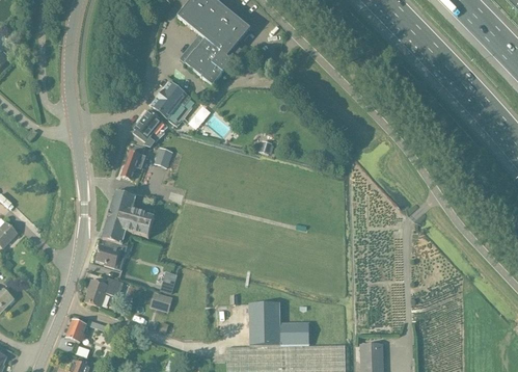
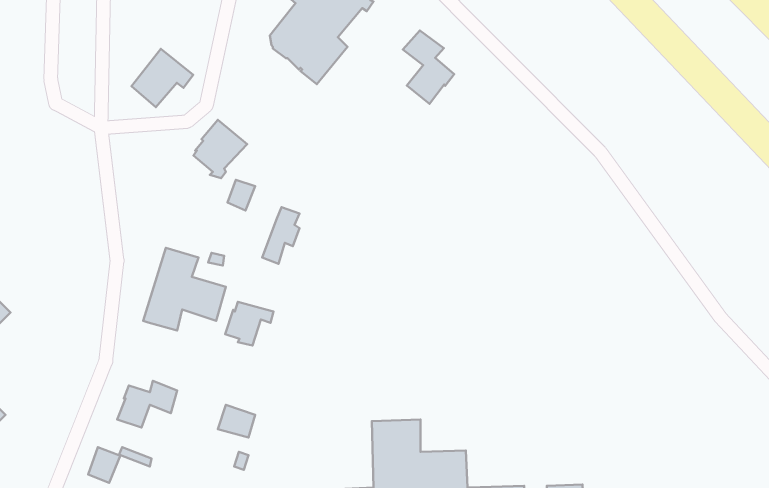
building: none -> [403,31,454,104]
building: [152,80,191,117] -> [132,49,193,107]
building: [121,142,145,179] -> [262,207,299,264]
building: [97,238,128,266] -> [225,302,274,345]

